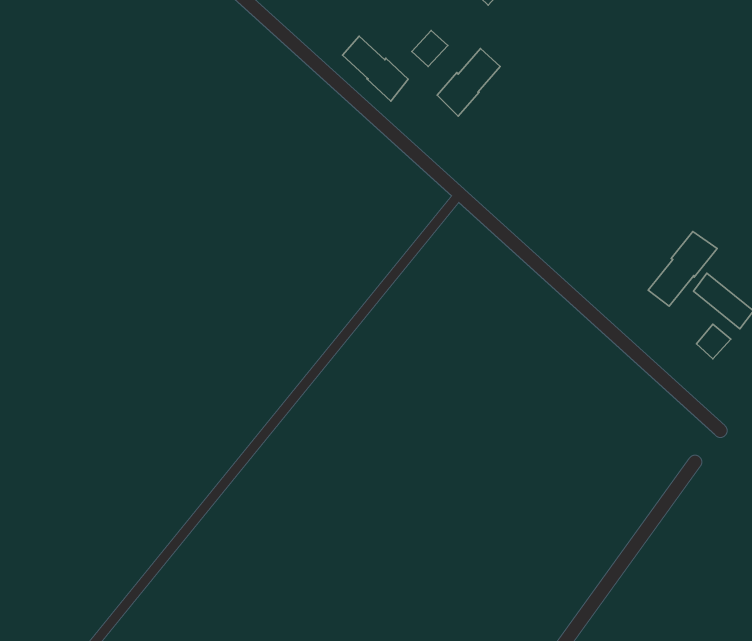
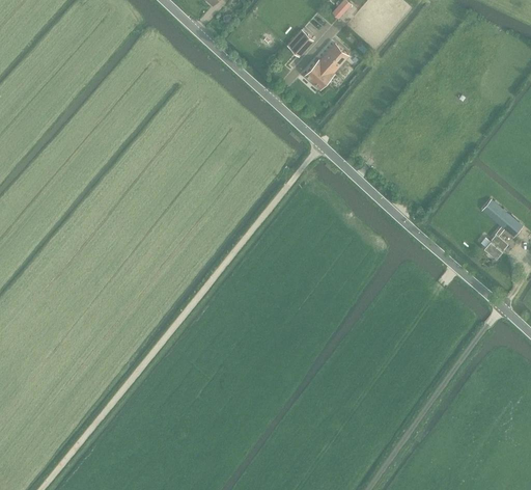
building: [342,36,408,101] -> none
building: [648,232,717,306] -> none

